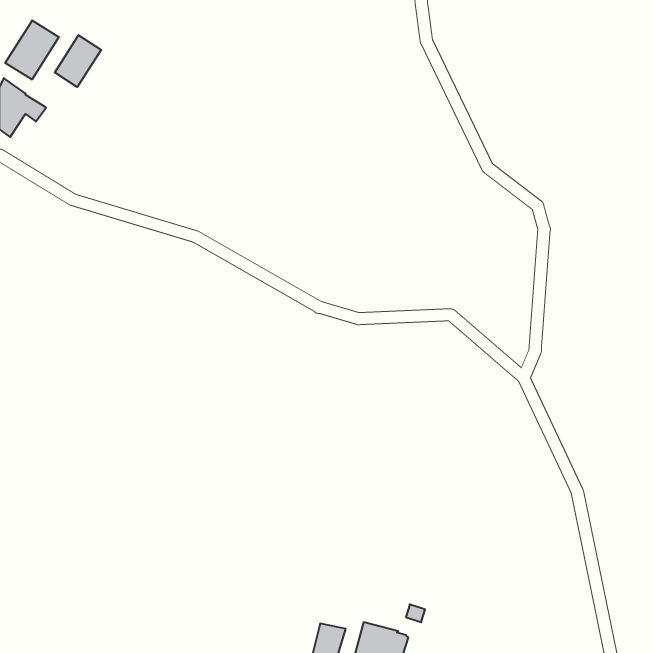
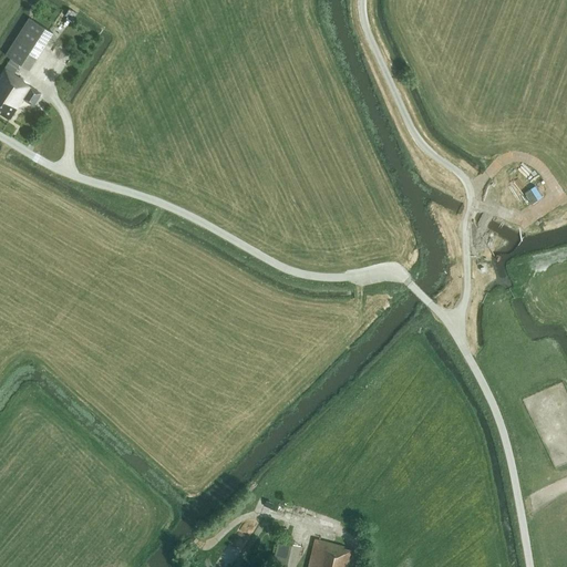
building: [55,35,101,87] -> none

